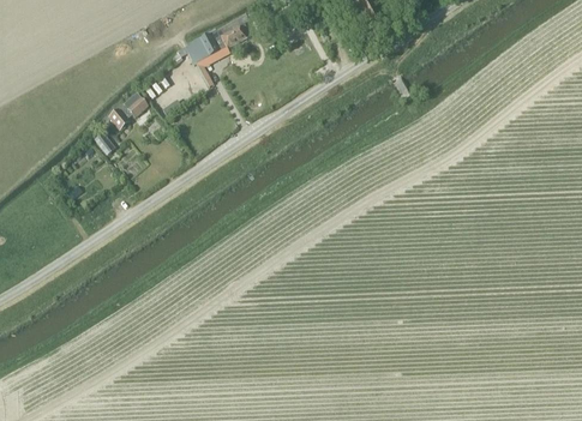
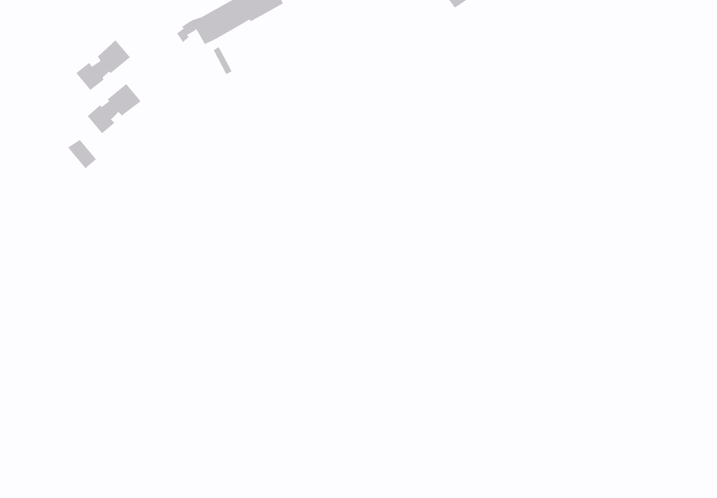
building: none -> [75,40,131,91]

